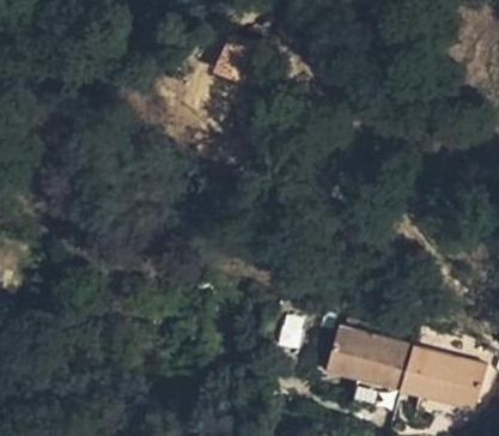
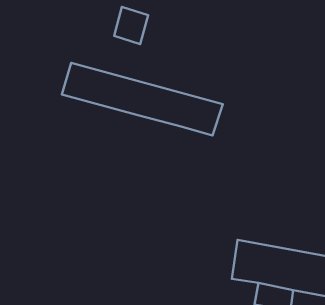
building: none -> [62,63,223,136]

